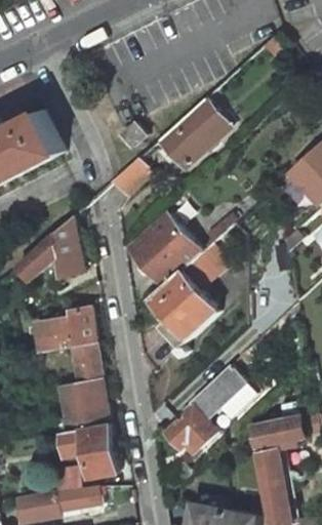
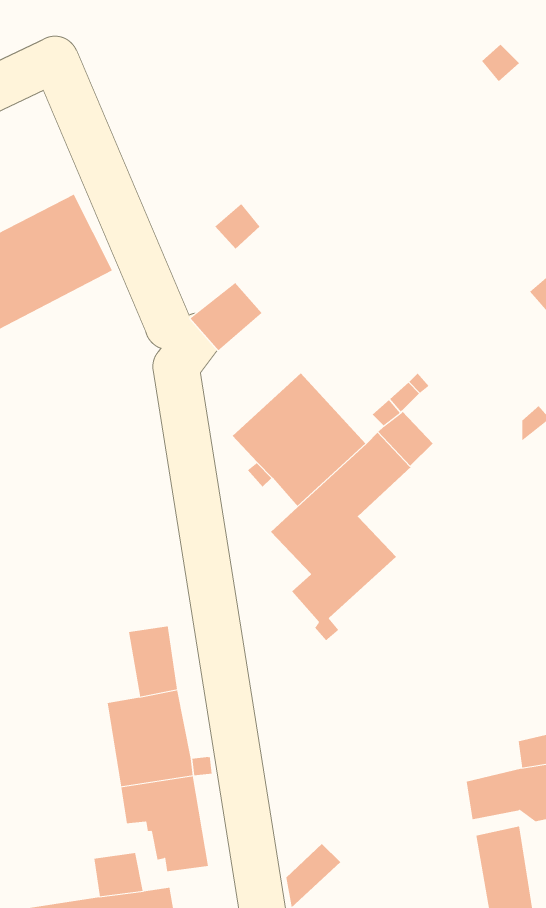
building: [158,96,229,166] -> none
building: [18,214,83,277] -> none
building: [35,309,93,355] -> none
building: [167,365,245,452] -> none

